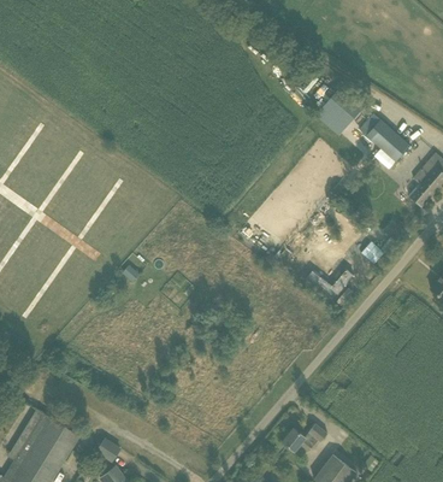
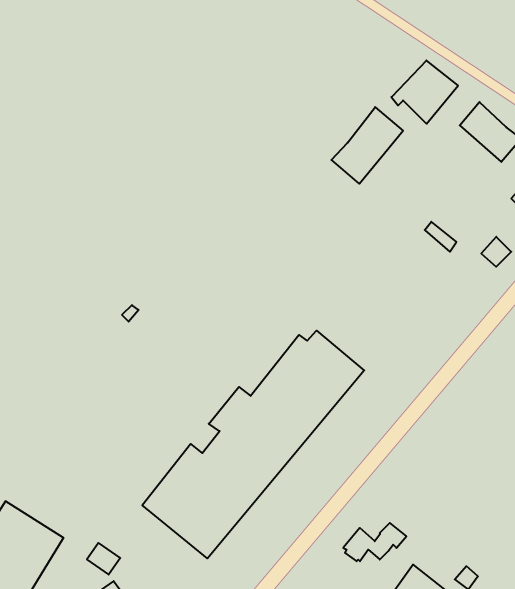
building: none -> [331,107,403,184]
building: none -> [142,331,364,558]

